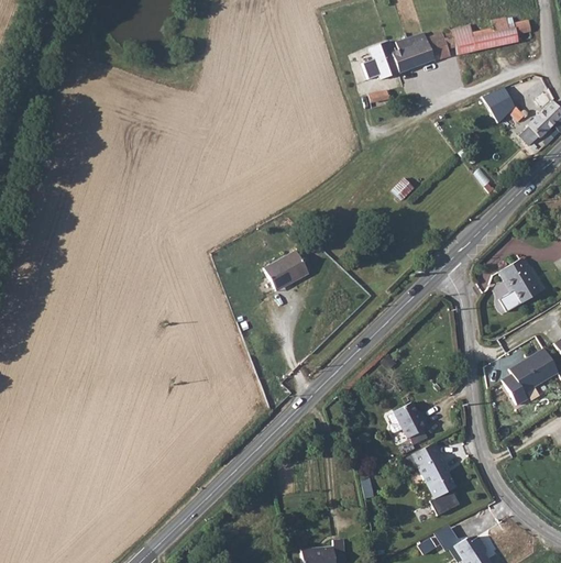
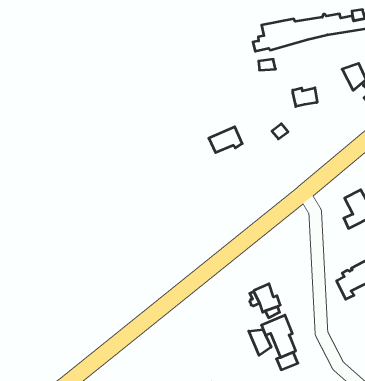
building: none -> [293,88,317,107]
building: [263,249,309,286] -> [209,127,242,153]
building: none -> [249,330,271,355]

